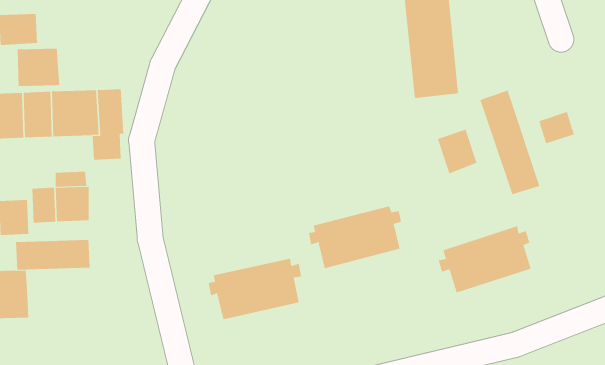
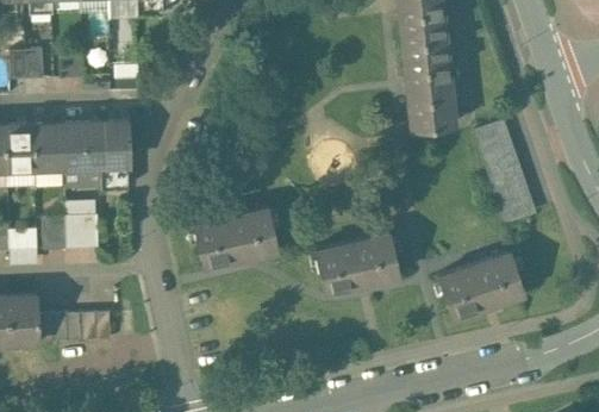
building: [17,48,60,87] -> none
building: [539,111,575,144] -> none
building: [437,129,477,174] -> none
building: [15,239,90,270] -> [38,312,111,342]
building: [208,258,302,320] -> [189,208,280,268]

